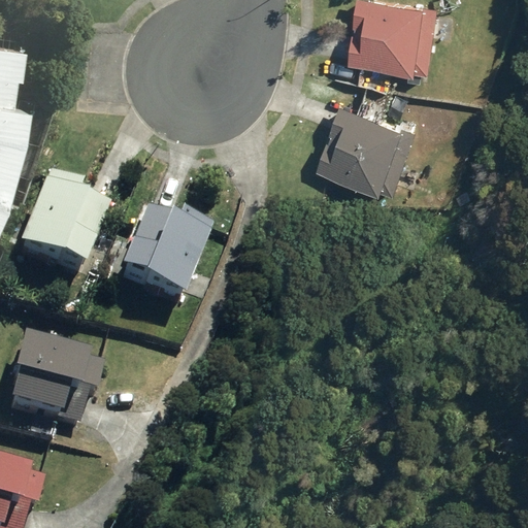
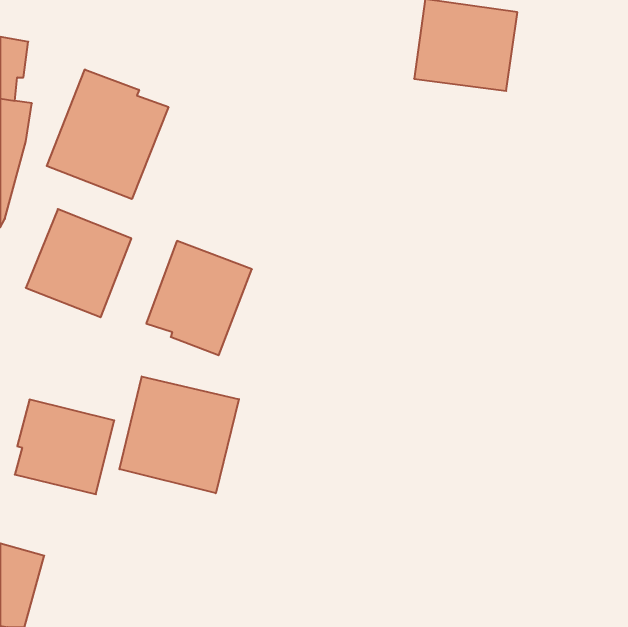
building: none -> [47,69,168,199]
building: [317,109,417,201] -> none
building: none -> [119,376,239,493]

